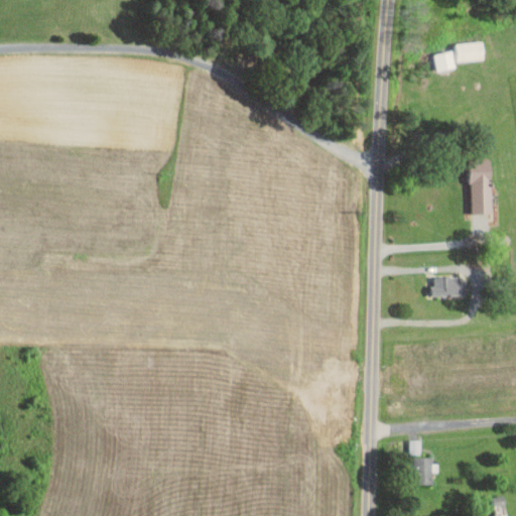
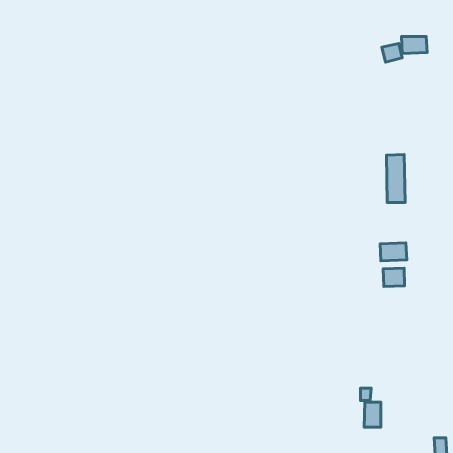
building: [470,160,491,215] -> [386,154,405,202]
building: none -> [383,268,404,287]

